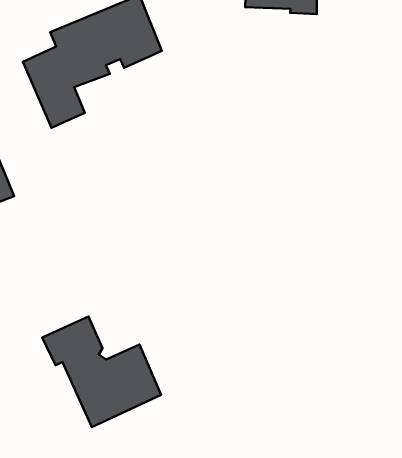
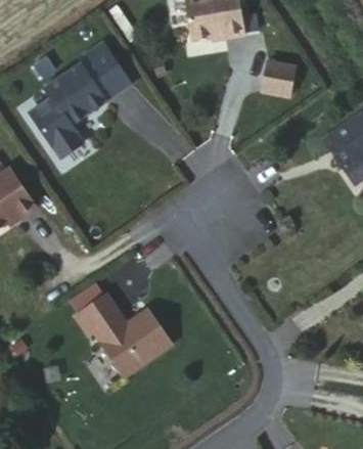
building: none -> [262,58,297,94]

